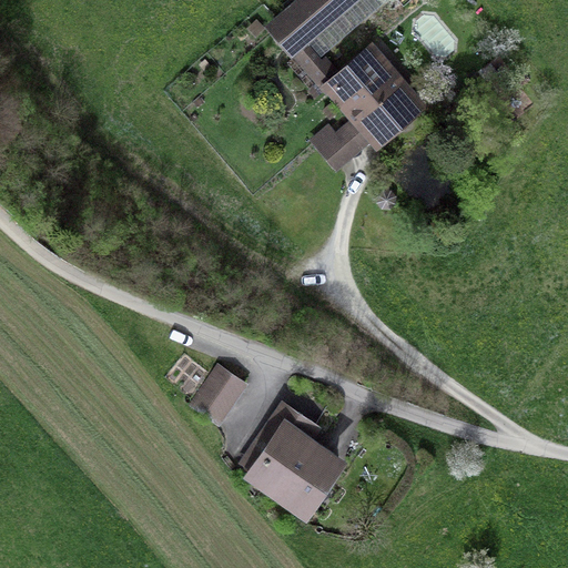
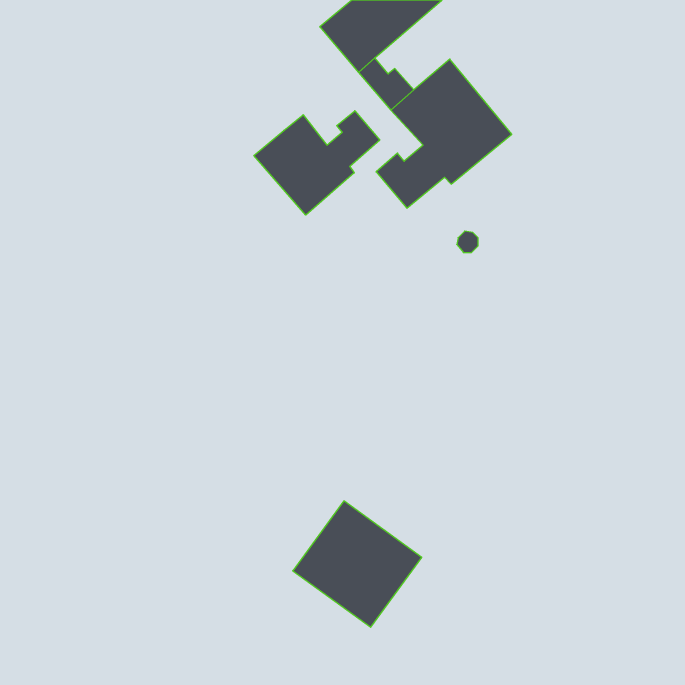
building: none -> [254,111,380,215]
building: [190,362,244,422] -> none

